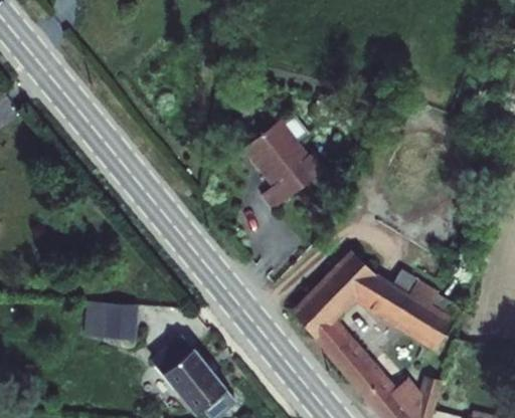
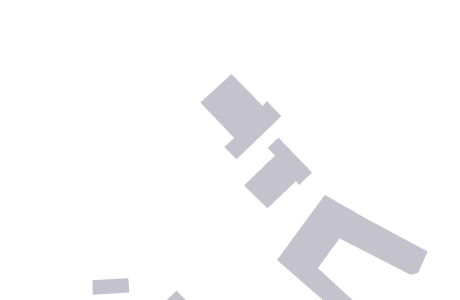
building: none -> [243,137,313,209]
building: [389,263,459,328] -> none

